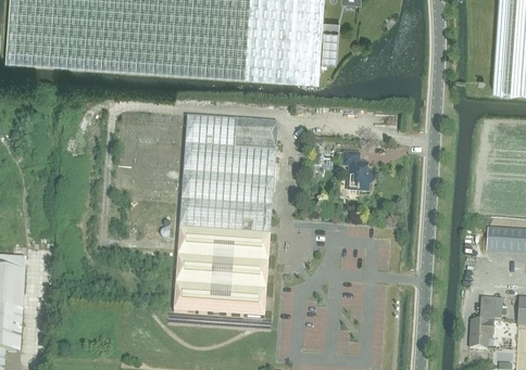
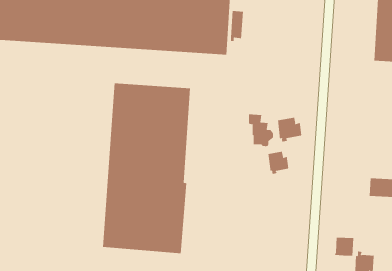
building: none -> [277,117,303,143]
building: none -> [268,151,290,175]
building: [478,298,502,321] -> [334,237,354,256]

